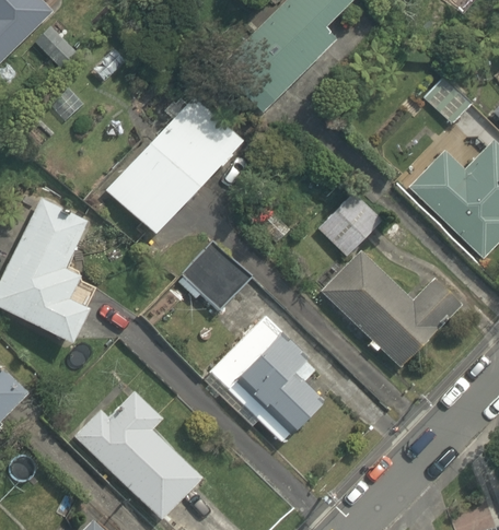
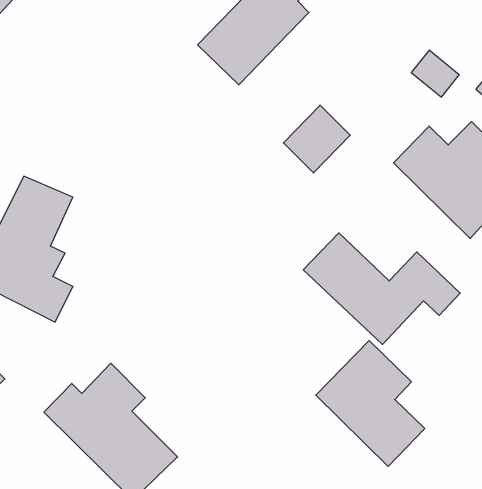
building: [101,98,230,233] -> none
building: [318,188,384,255] -> [283,105,350,173]
building: [178,240,254,313] -> none
building: [218,321,325,445] -> [316,341,425,466]

